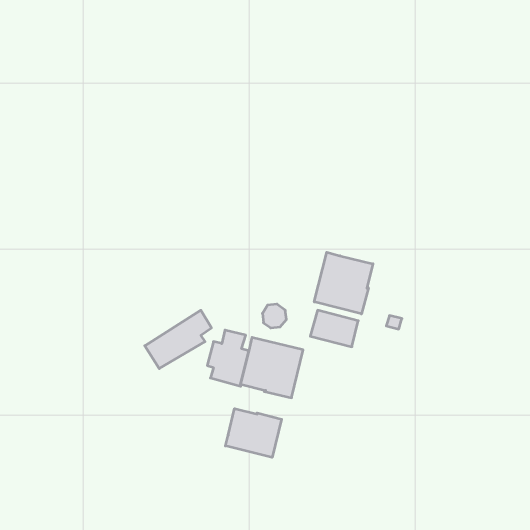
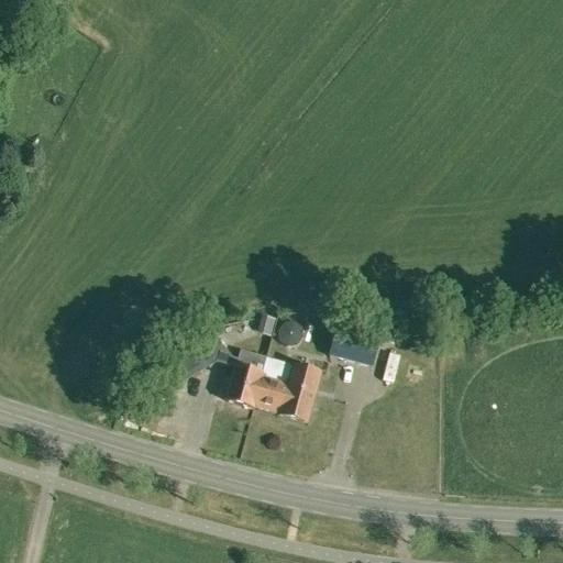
building: [314,252,373,314] -> none
building: [225,409,282,457] -> none

